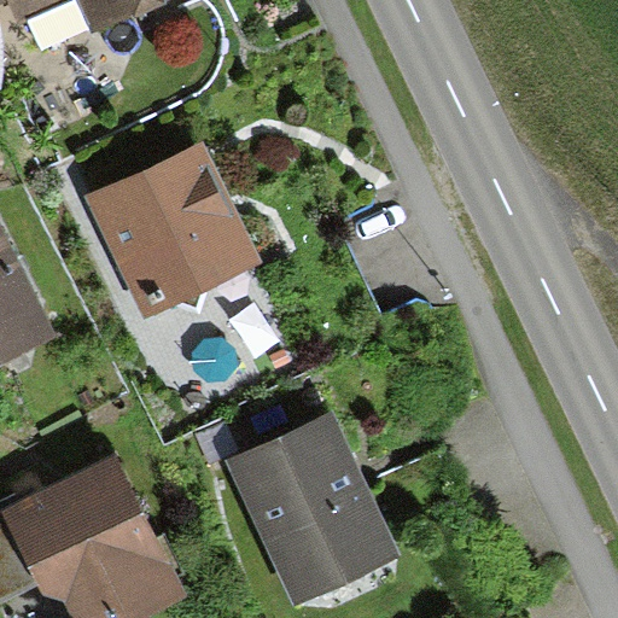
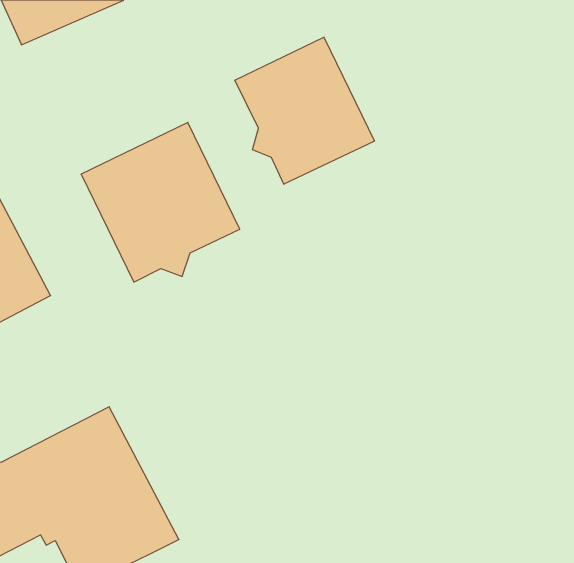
building: none -> [235,37,374,184]
building: [225,414,396,607] -> none

